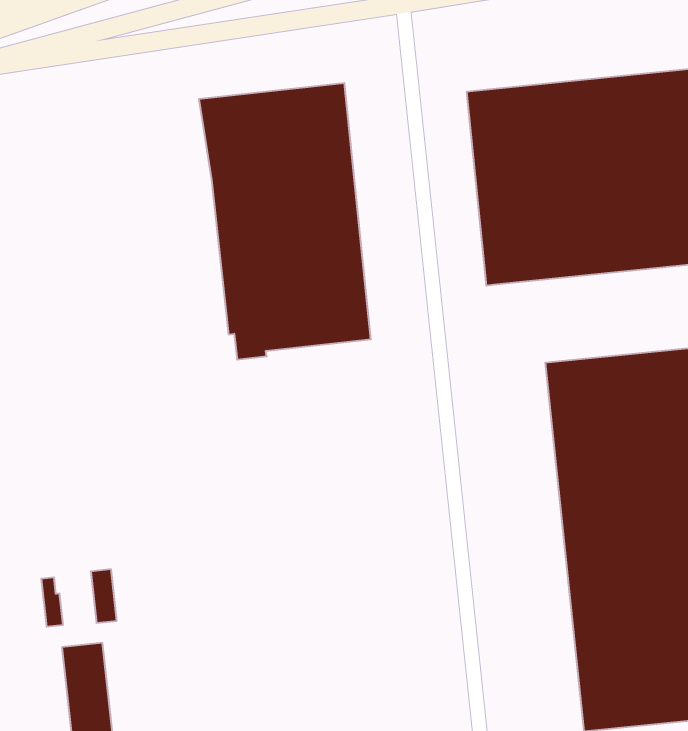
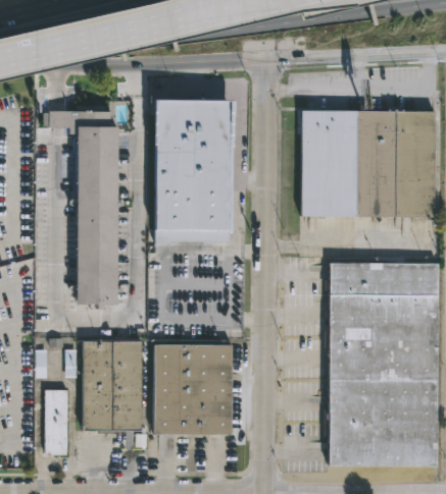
building: none -> [53,111,118,311]
building: none -> [152,345,232,437]
building: none -> [84,341,143,432]

